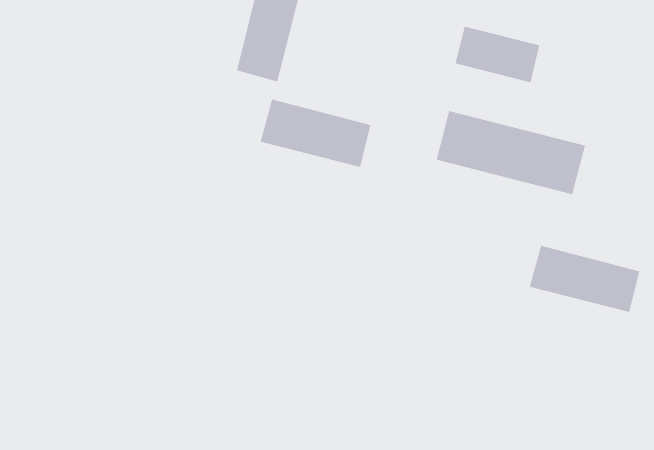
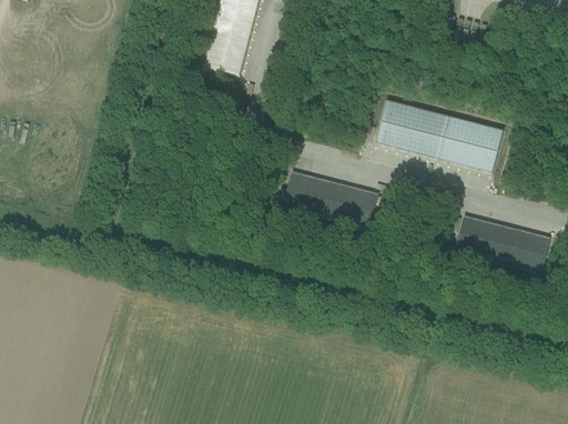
building: [455,26,540,83] -> none
building: [260,99,371,168] -> [283,171,378,230]

